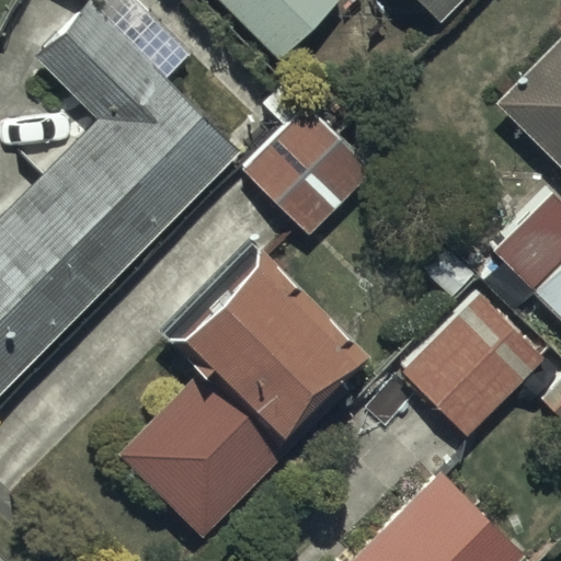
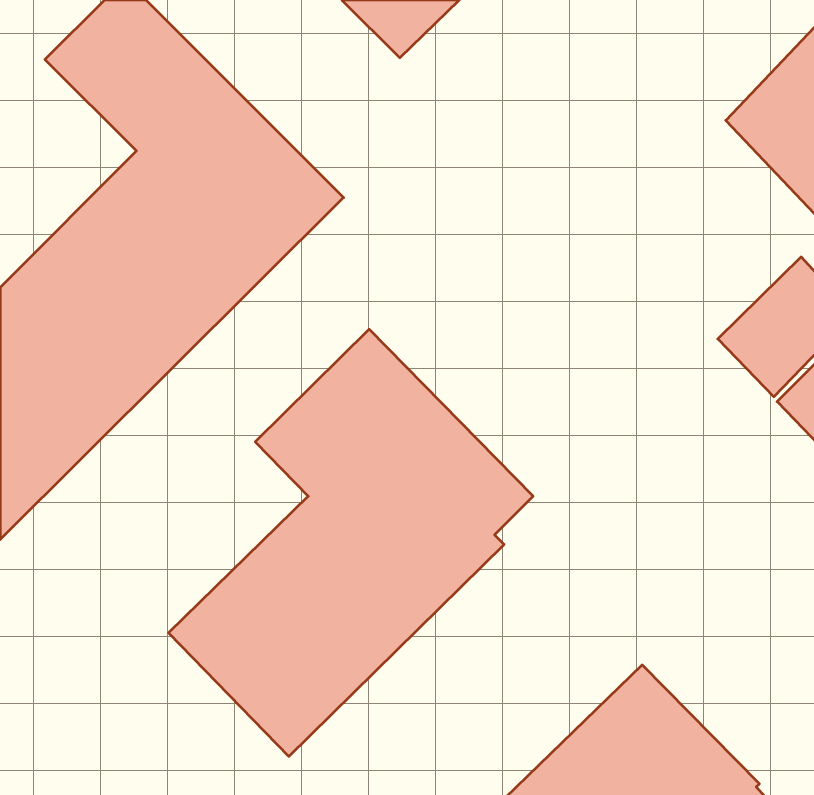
building: [245,108,373,236] -> none
building: [401,295,546,439] -> none

